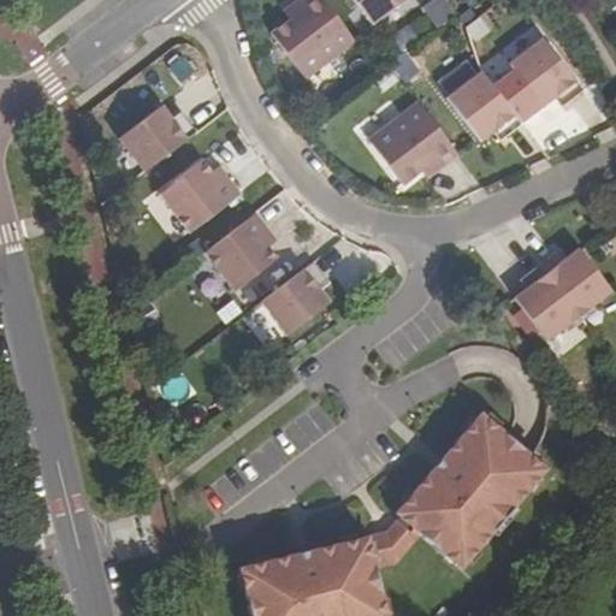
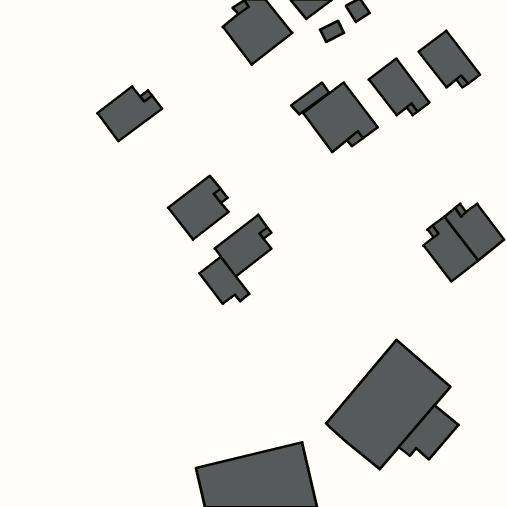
building: [159,159,239,230] -> none
building: none -> [199,257,249,304]
building: none -> [399,405,459,459]
building: [367,516,420,567] -> none

